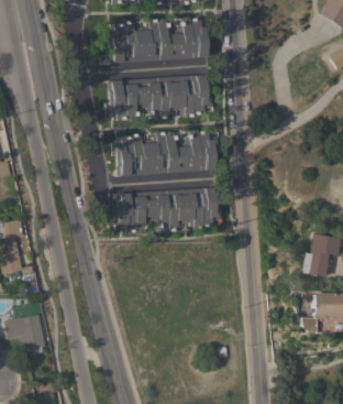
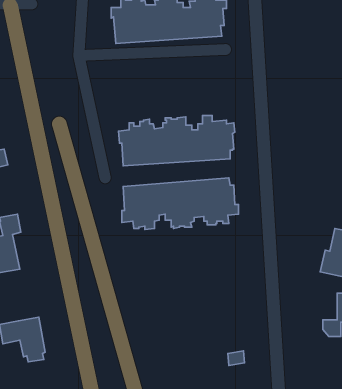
building: [107,74,212,120] -> none

